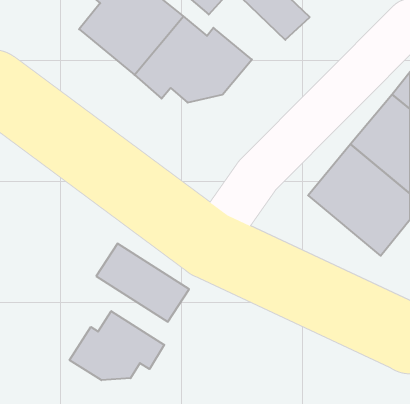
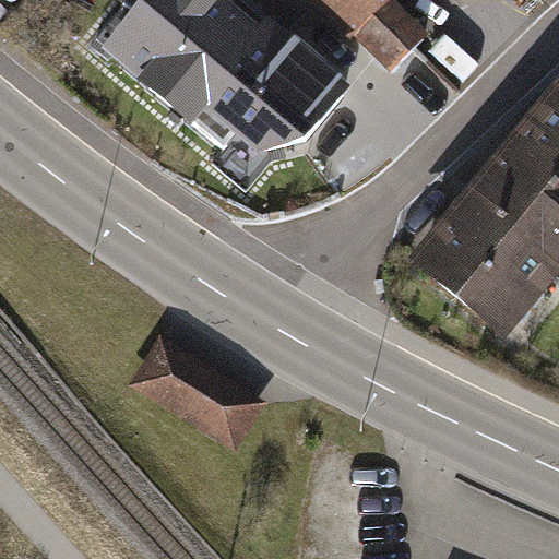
building: [70,311,164,380] -> none

